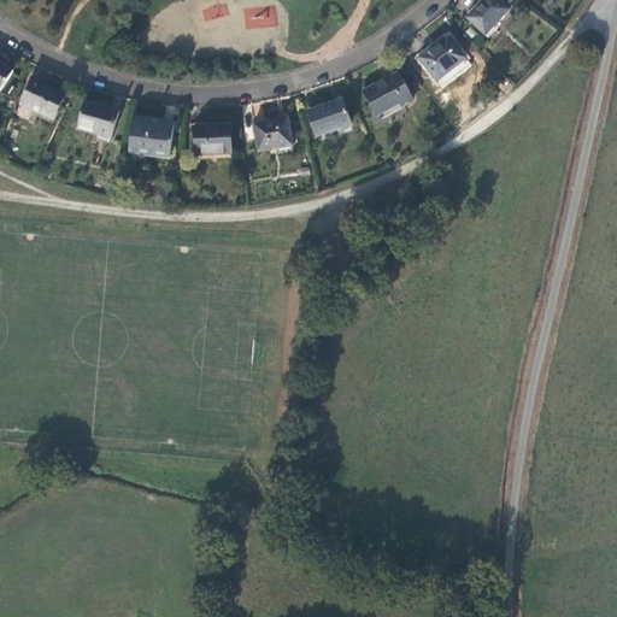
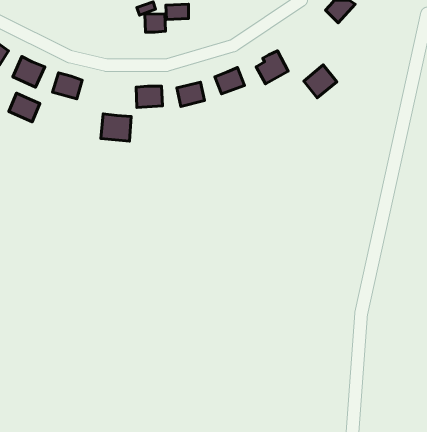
building: none -> [145,14,165,32]
building: [417,34,464,81] -> [304,65,337,98]
building: [130,118,174,157] -> [101,114,131,141]
building: none -> [9,93,40,122]

